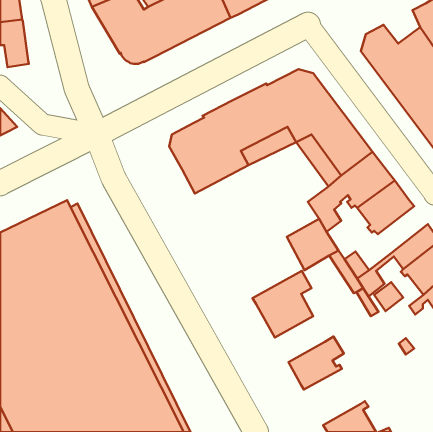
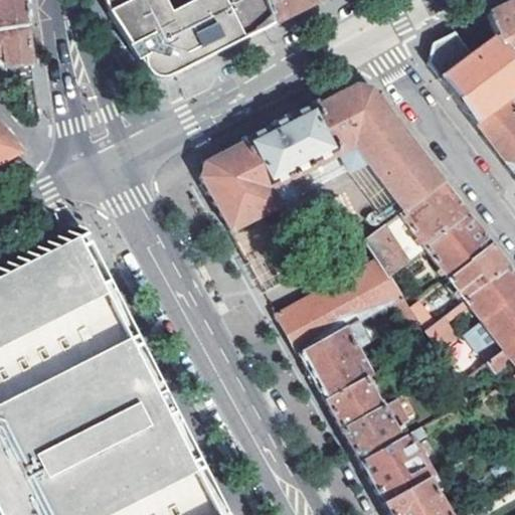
building: none -> [449,243,508,299]
building: none -> [280,280,362,352]
building: none -> [327,371,386,427]
building: none -> [361,427,428,502]

